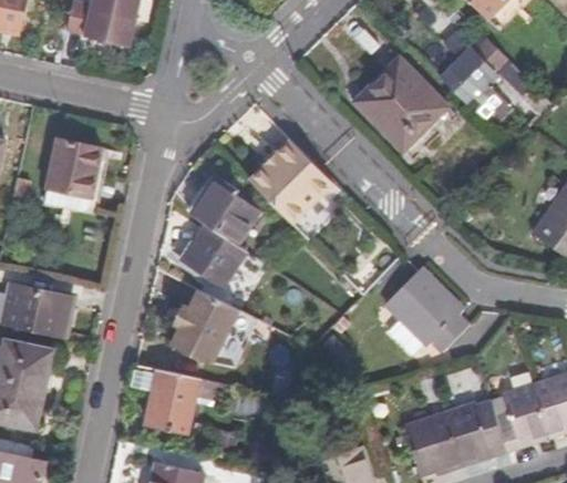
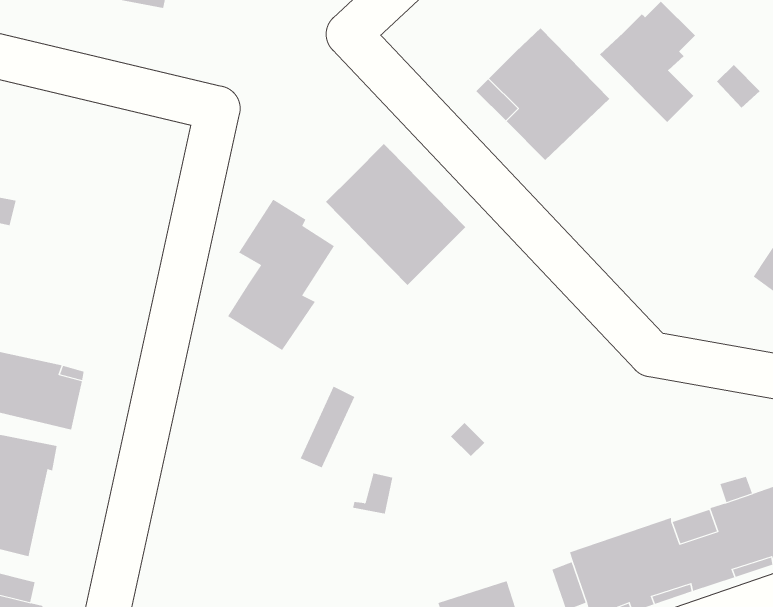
building: [44,138,105,213] -> none
building: [394,267,476,349] -> none
building: [172,290,237,352] -> none
building: [126,366,196,432] -> none

